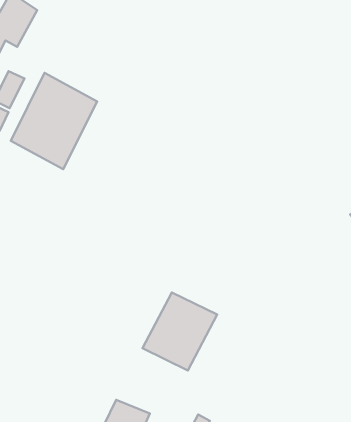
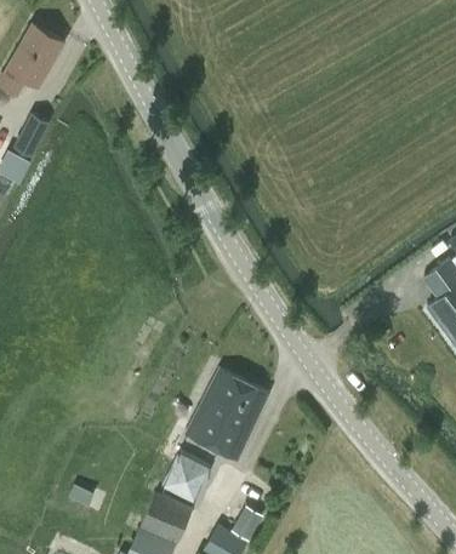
building: [11,73,97,169] -> none
building: none -> [161,450,212,501]

